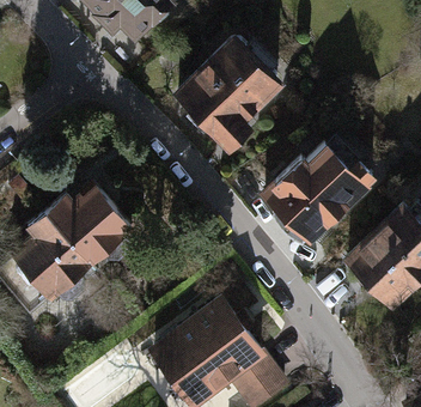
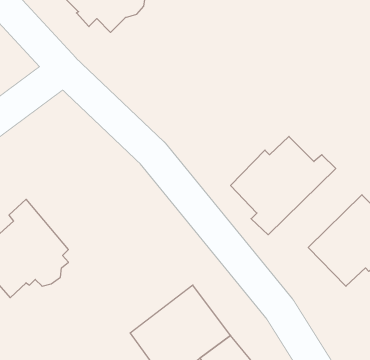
building: [177,41,277,146] -> none
building: [48,184,134,265] -> none

